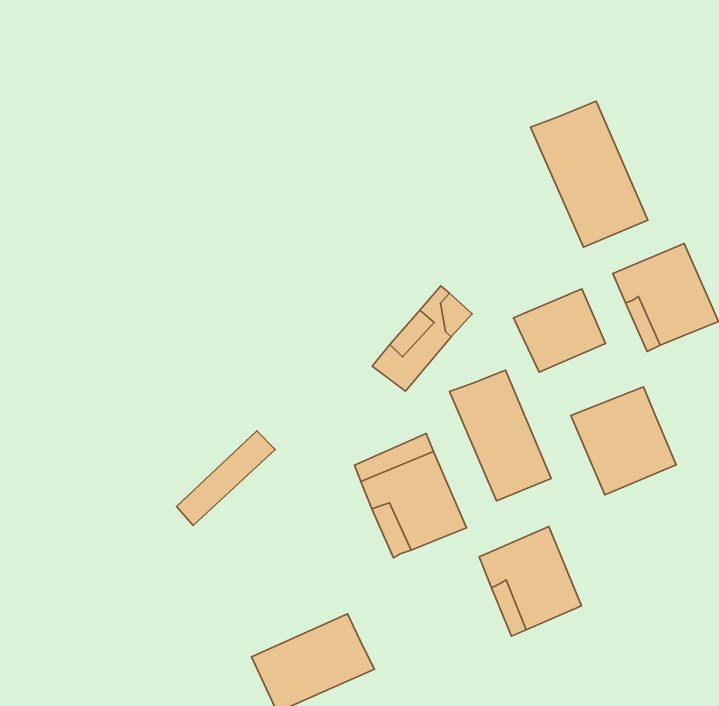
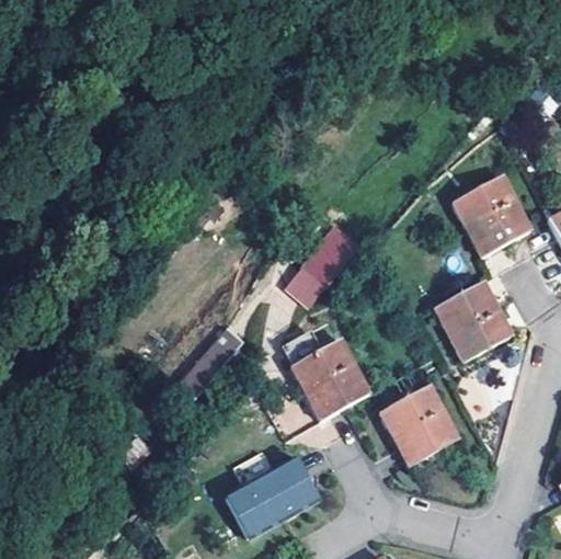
building: [531,101,648,247] -> none
building: [514,289,606,372] -> none
building: [449,370,551,501] -> none

